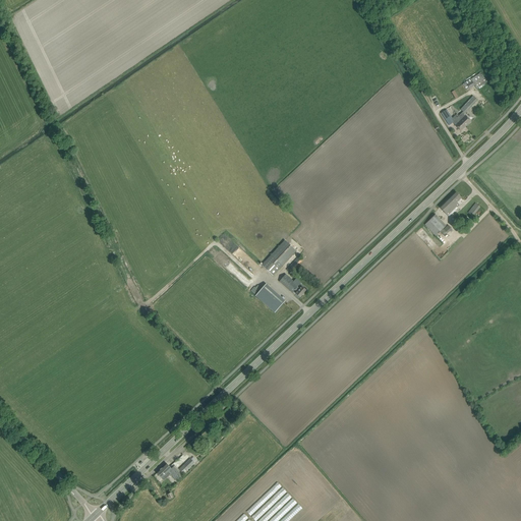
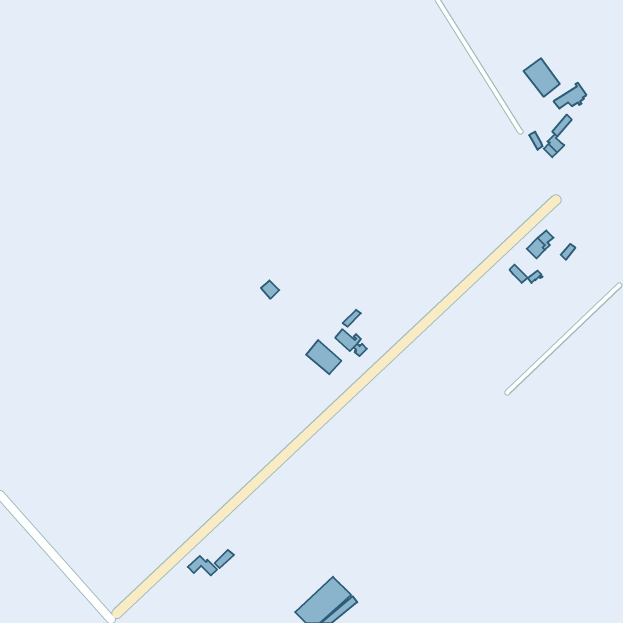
building: none -> [524,58,560,97]
building: [262,240,296,276] -> none

